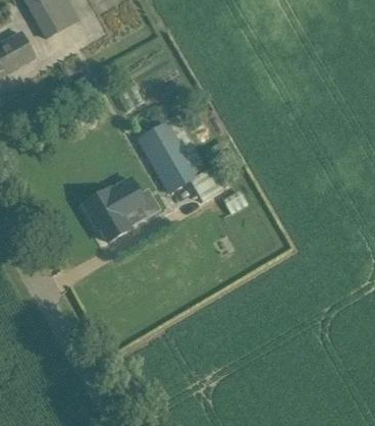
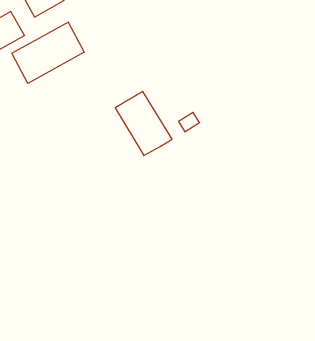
building: none -> [12,22,84,83]
building: [84,175,145,241] -> none

